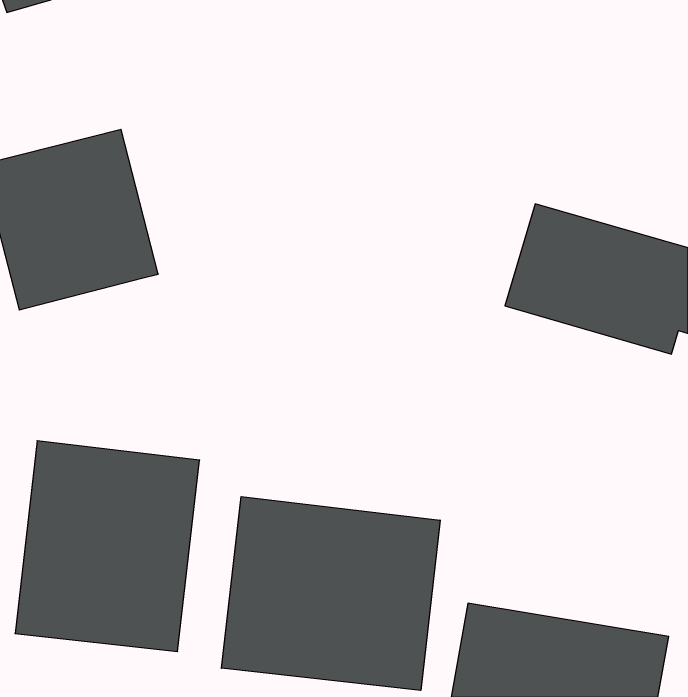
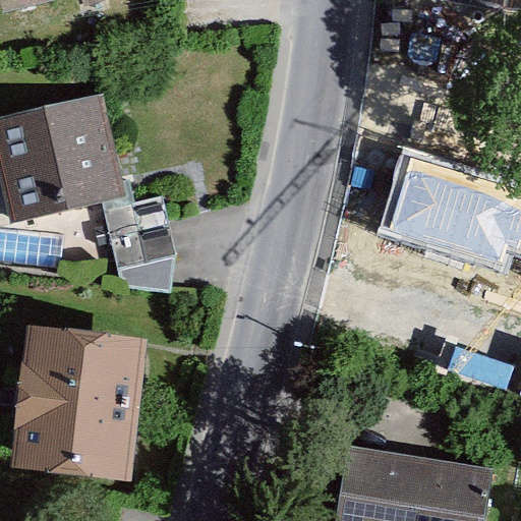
building: none -> [105,194,172,296]
building: [221,497,440,690] -> none

